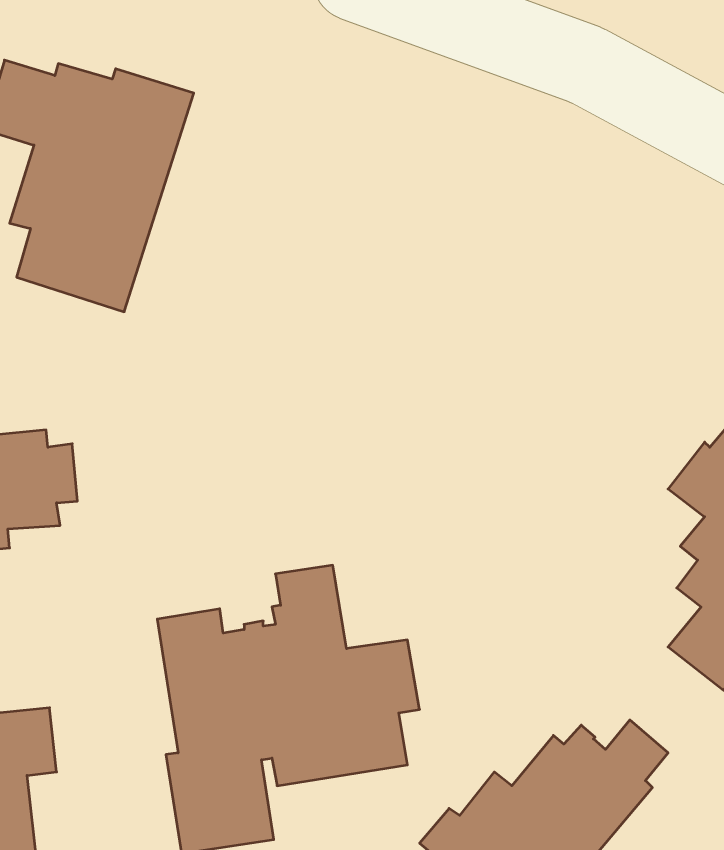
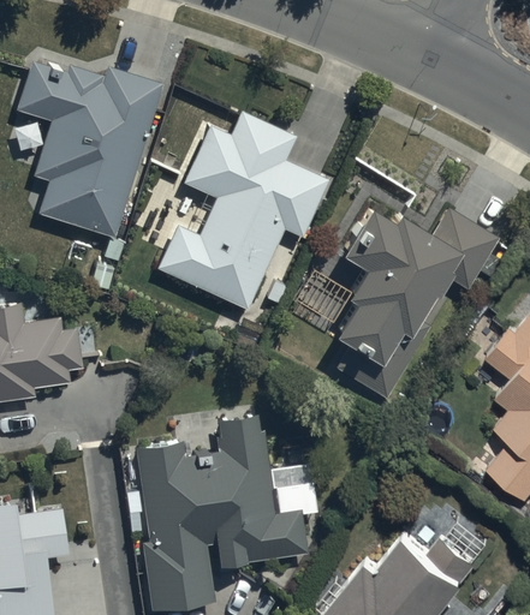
building: none -> [155,112,329,311]
building: none -> [321,204,496,398]

